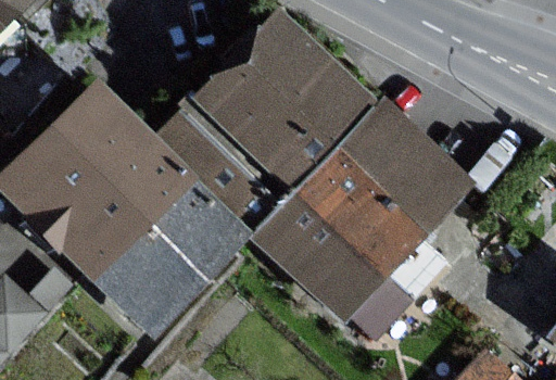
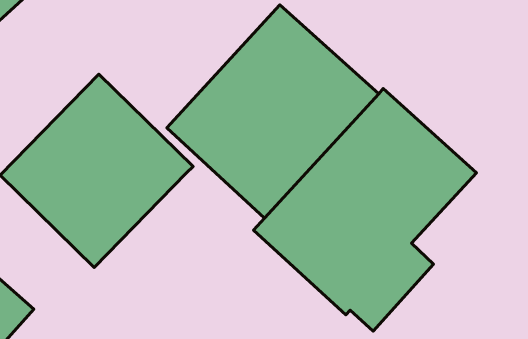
building: [92,179,244,331] -> none

